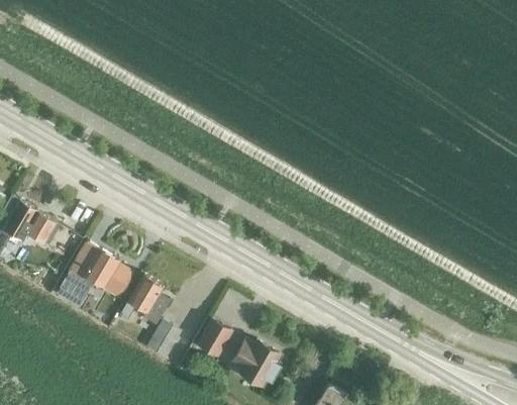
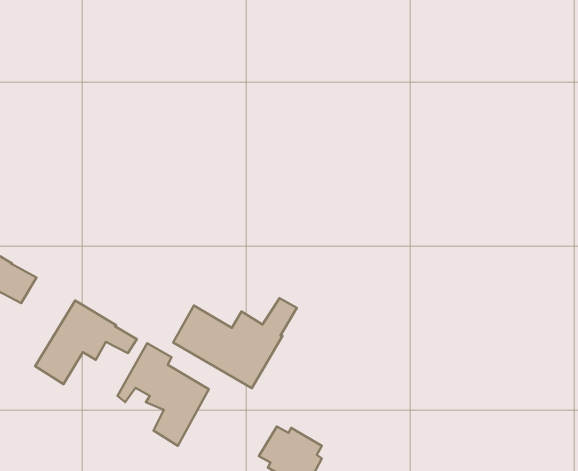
building: none -> [173,298,297,388]
building: [197,320,231,357] -> none

